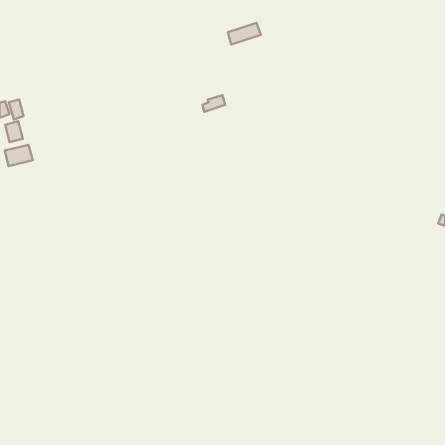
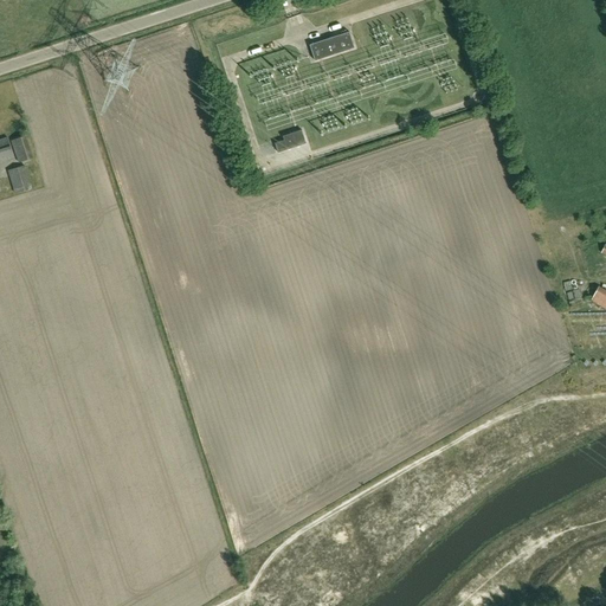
building: [5,145,33,166] -> none

